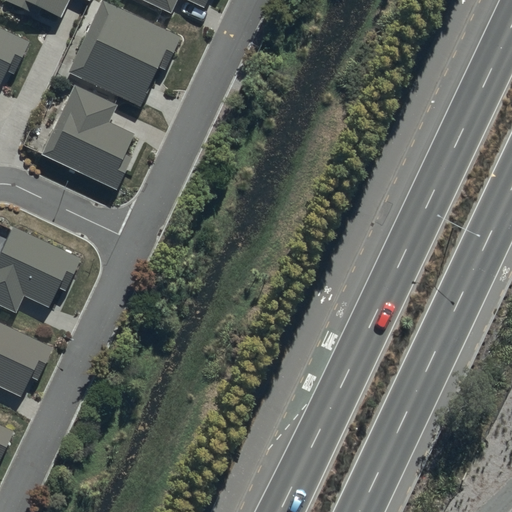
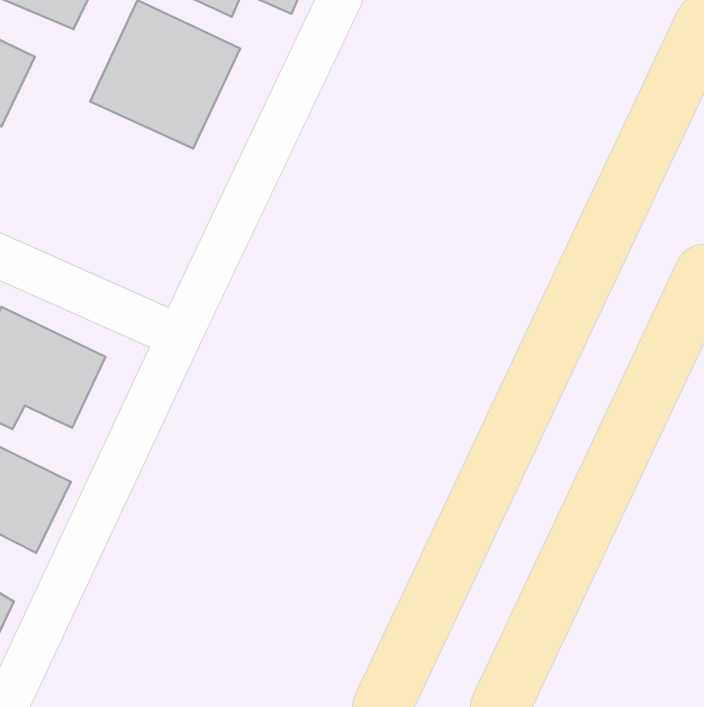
building: [37,84,141,190] -> none

